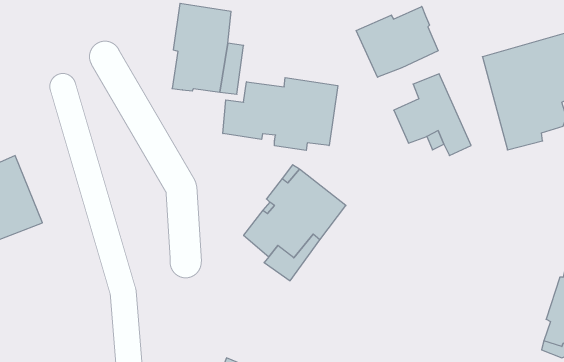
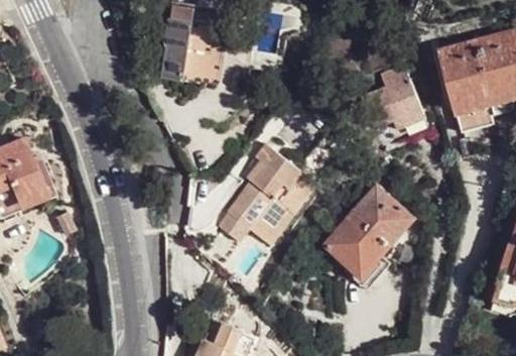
building: [356,6,438,77] -> none
building: [223,78,338,150] -> none
building: none -> [322,186,413,279]

